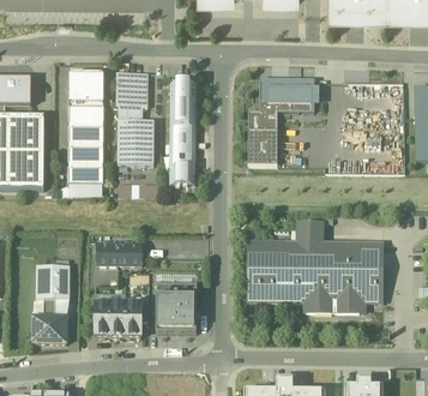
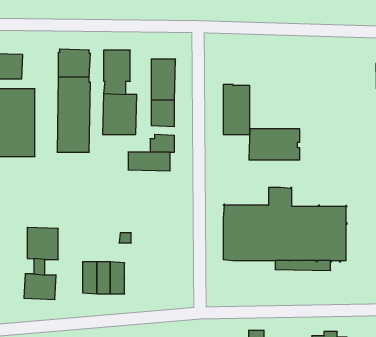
building: [259,79,314,113] -> [249,129,300,160]
building: [97,246,143,266] -> [128,152,170,171]
building: [156,283,197,335] -> none

